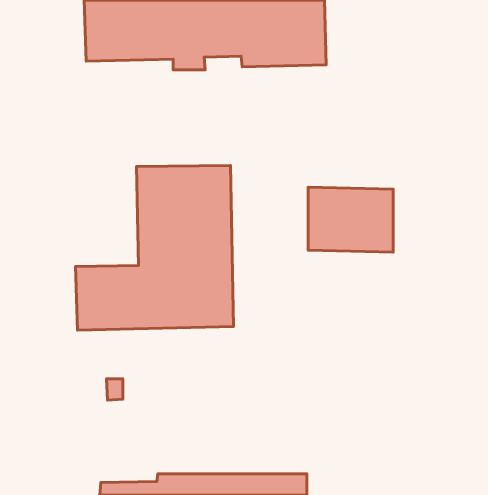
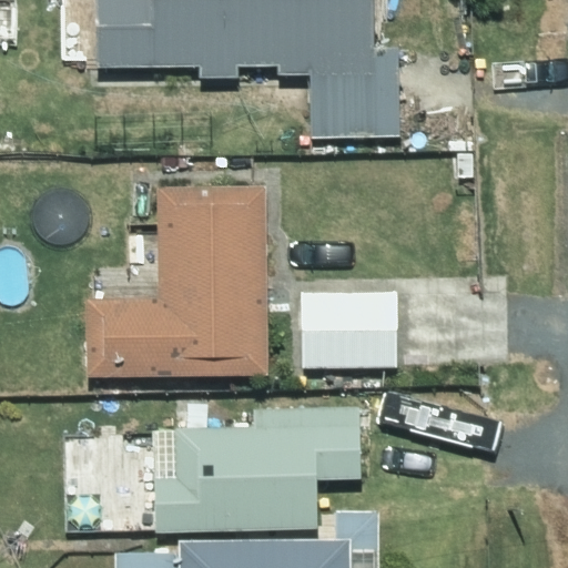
building: [308,187,393,252] -> [298,293,396,367]
building: none -> [155,402,361,531]

